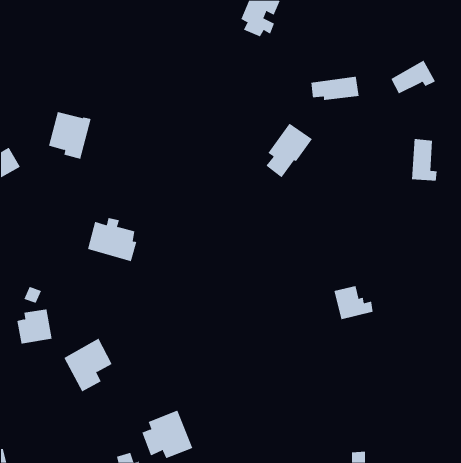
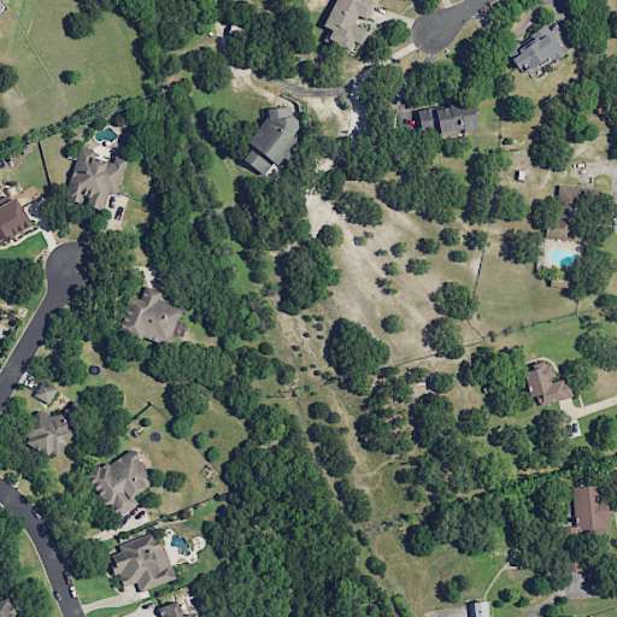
building: [390,60,436,94] -> [505,25,565,71]
building: [266,123,313,178] -> [245,104,307,177]
building: [334,286,374,320] -> [519,363,572,409]
building: none -> [575,486,606,533]
building: [141,410,193,459] -> [108,528,177,593]

